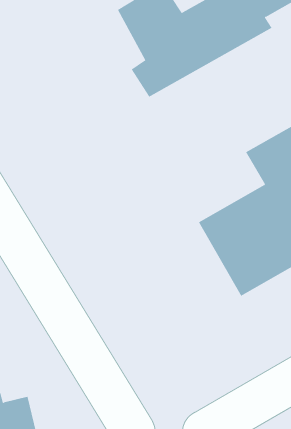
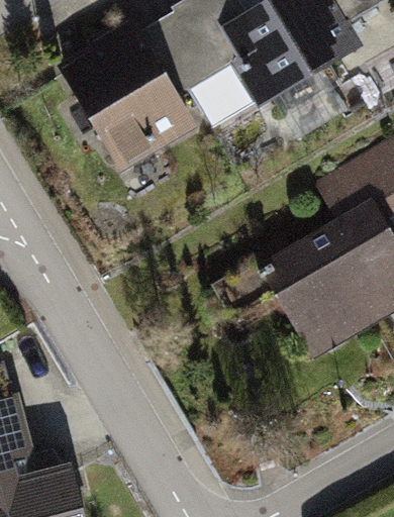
building: none -> [65,14,204,167]

